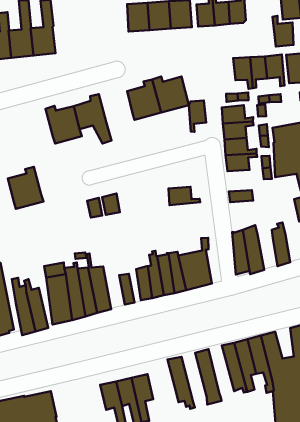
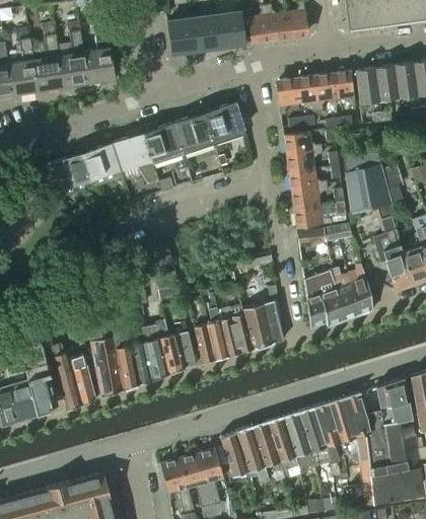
building: none -> [83,27,114,83]
building: [273,16,294,47] -> none
building: none -> [141,123,182,159]
building: [189,101,206,132] -> [277,78,298,115]
building: [8,167,44,209] -> [51,148,93,198]
building: [169,187,200,205] -> [294,206,332,228]
building: none -> [330,267,358,320]
building: none -> [155,320,184,375]
building: none -> [283,411,316,470]
building: none -> [253,421,285,485]
building: none -> [220,430,250,475]

